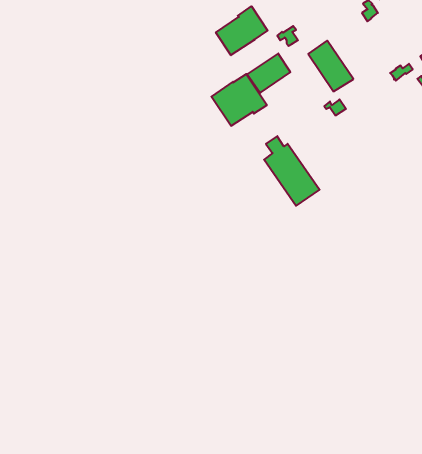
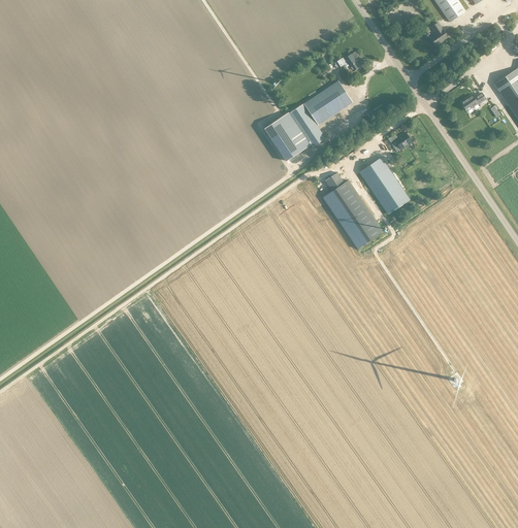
building: [216,6,268,55] -> none
building: [308,41,353,91] -> [360,157,410,212]

